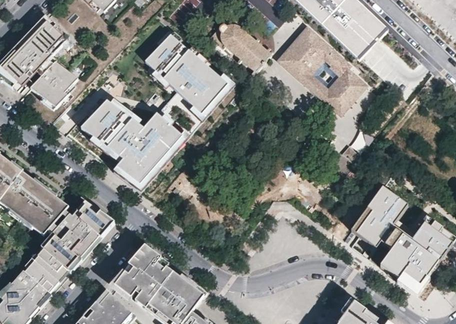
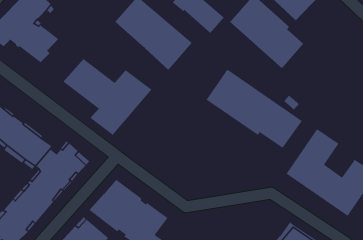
building: [155,90,206,139] -> none
building: none -> [205,69,303,149]

